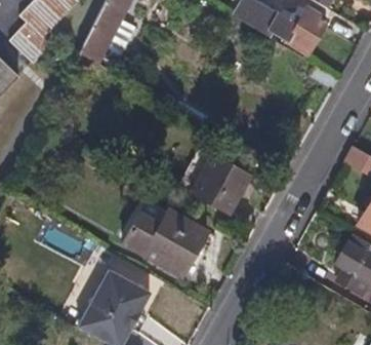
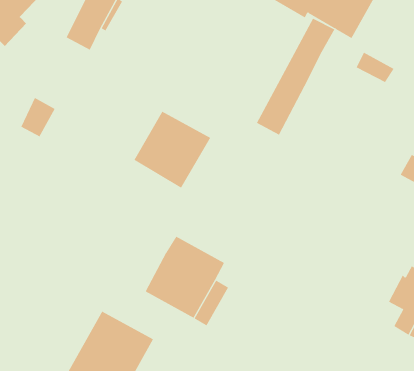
building: none -> [256,18,335,136]
building: [190,154,251,216] -> [133,111,211,188]
building: [122,213,159,255] -> none

